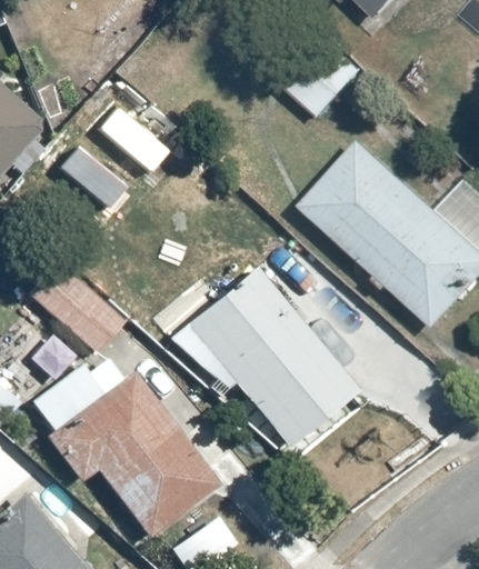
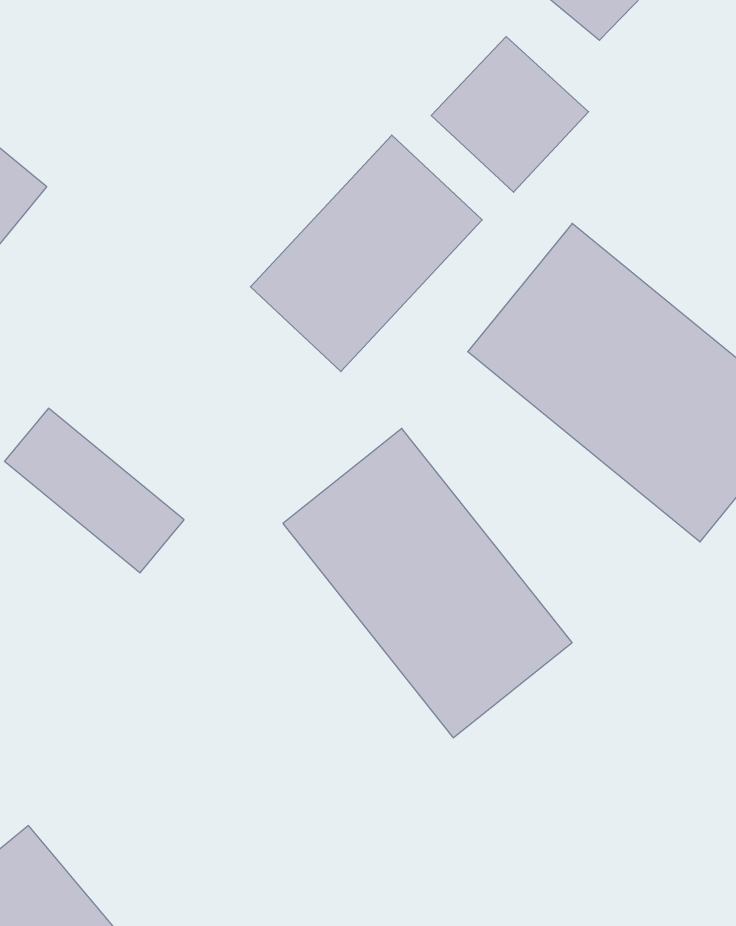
building: none -> [250,135,482,372]
building: [37,352,217,539] -> none

